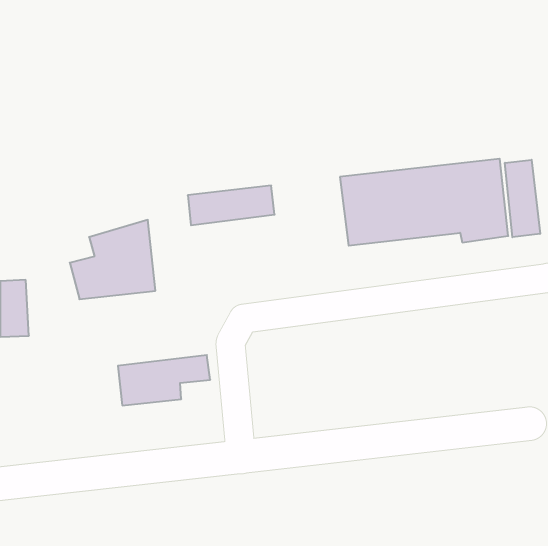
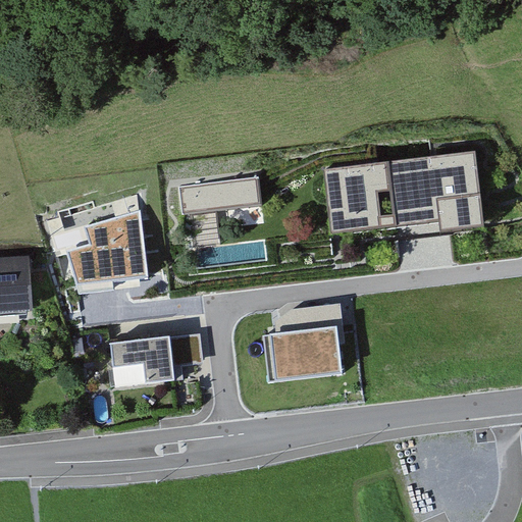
building: [505,160,540,237] -> none
building: none -> [270,302,345,375]

